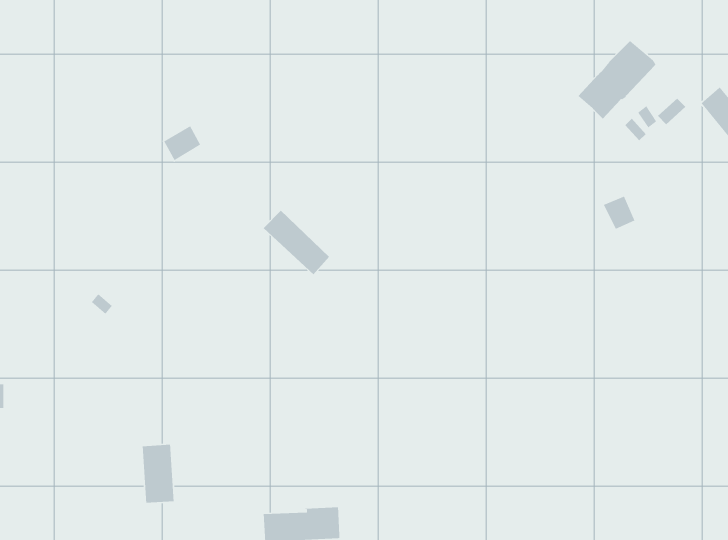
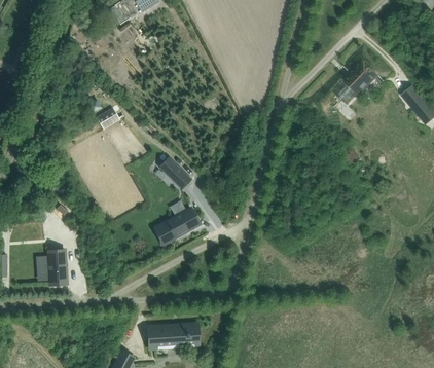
building: none -> [157,209,198,243]
building: [142,444,174,504] -> [48,251,67,285]

